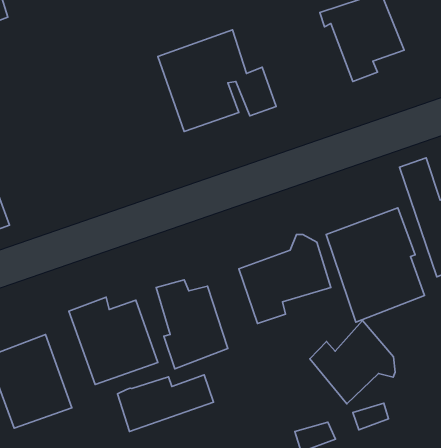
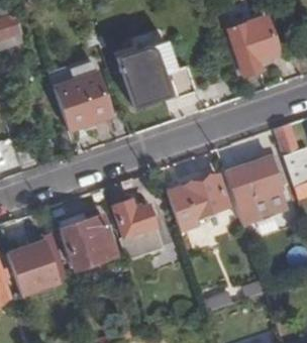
building: none -> [54,73,110,129]
building: [310,320,395,404] -> none
building: [118,375,213,432] -> none

